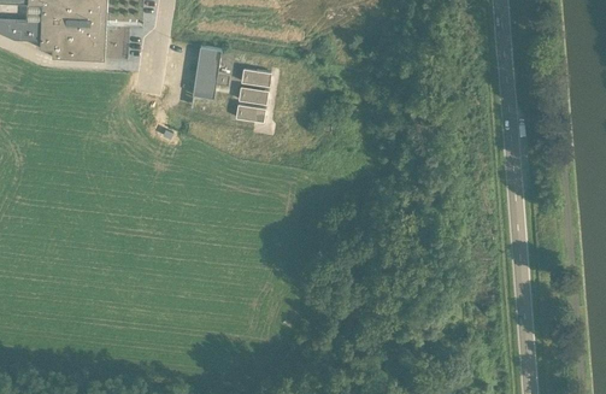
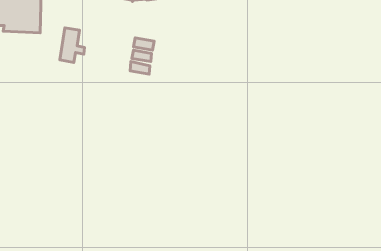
building: [192,46,228,96] -> [60,28,85,62]

